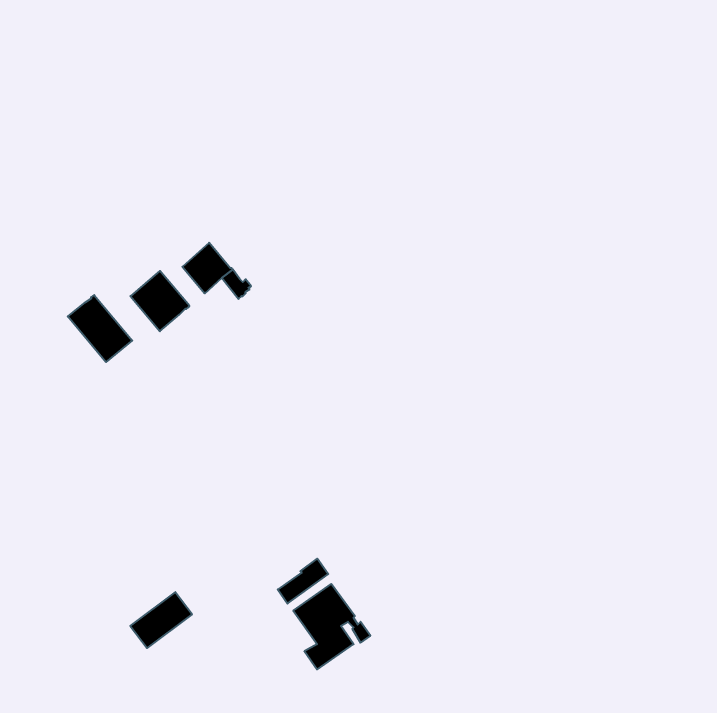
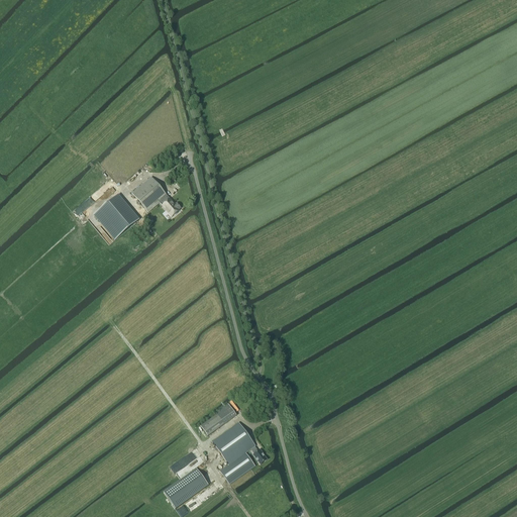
building: [68,295,132,362] -> none
building: [130,592,192,648] -> [164,467,208,507]

